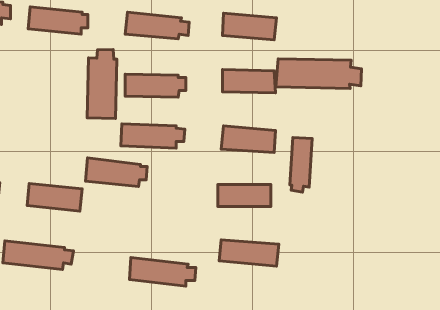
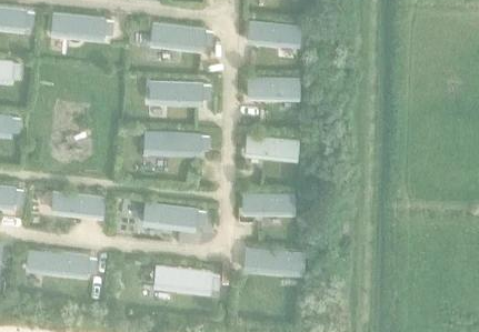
building: [87,49,117,118] -> none
building: [276,59,362,89] -> none
building: [290,137,312,192] -> none
building: [85,158,147,187] -> [143,203,206,232]

